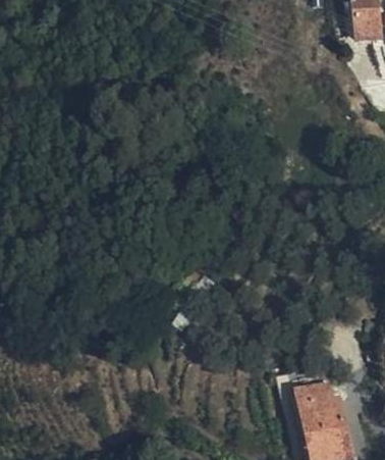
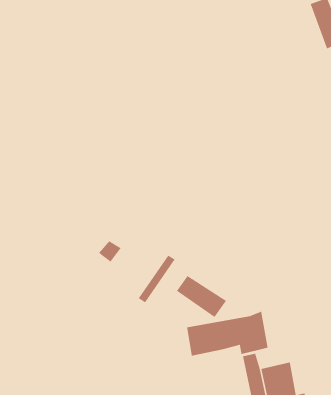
building: none -> [176,275,227,318]
building: none -> [187,311,268,357]

